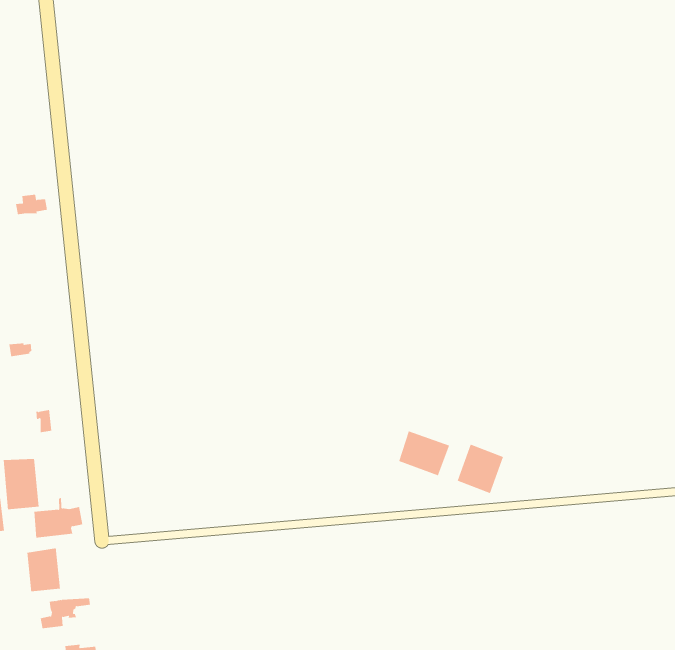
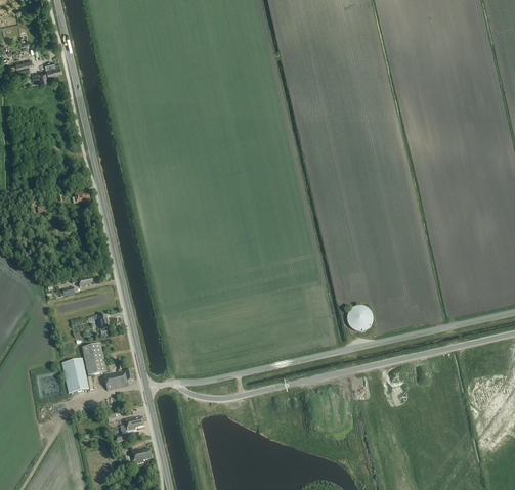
building: [399,430,450,476] -> none
building: [27,548,61,592] -> none

